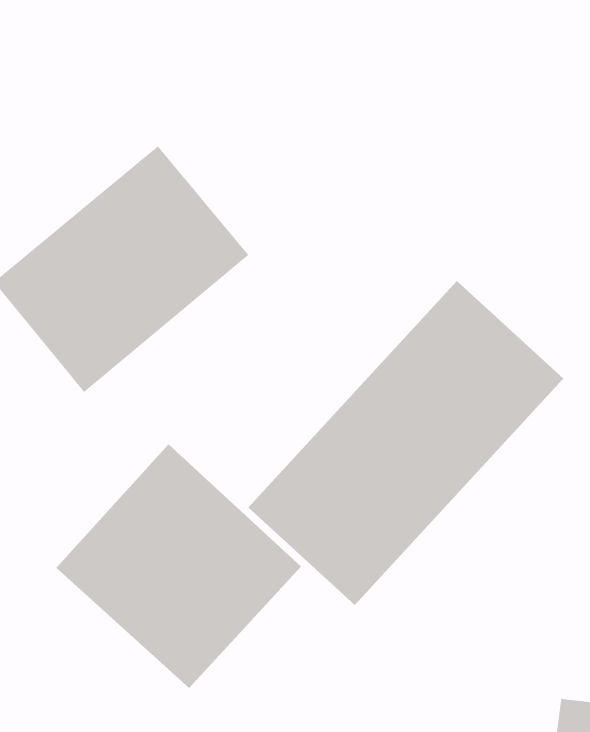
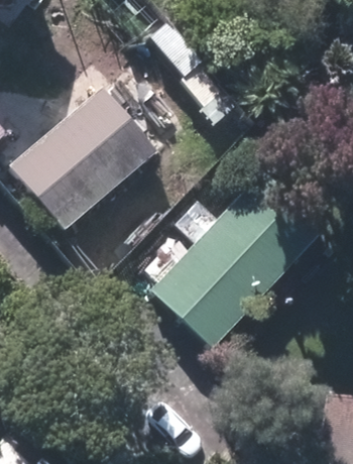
building: [56,444,302,689] -> none

